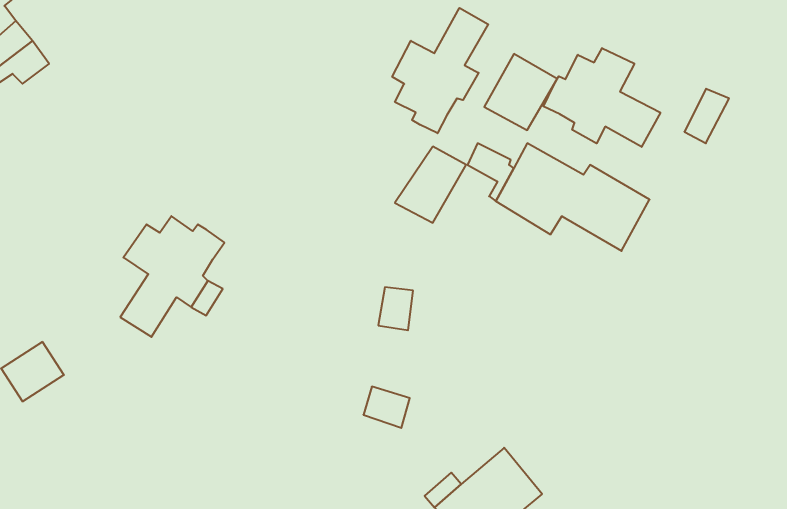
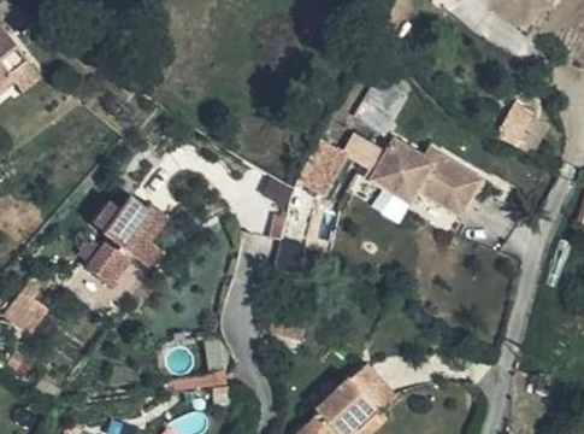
building: [392,8,488,133] -> none
building: [543,48,660,147] -> none

